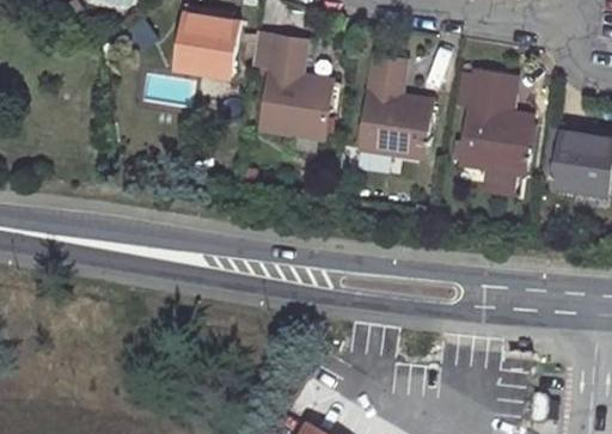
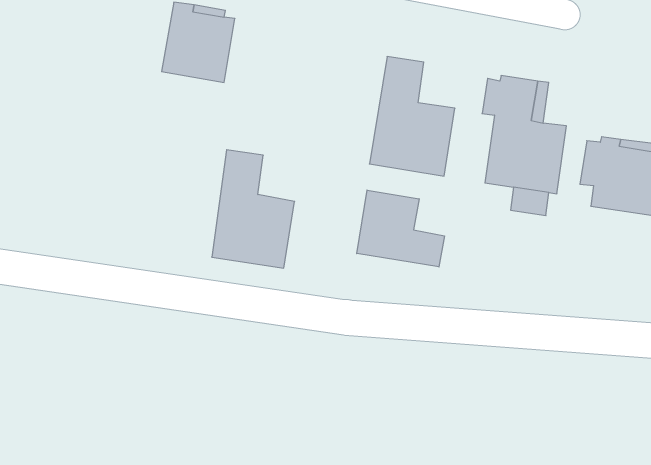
building: [261,36,333,140] -> [212,150,295,268]
building: none -> [357,190,444,267]

